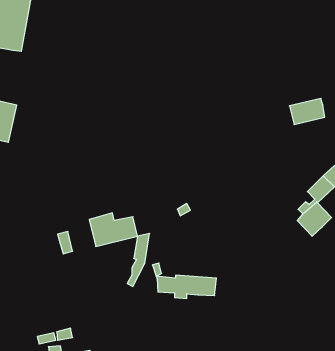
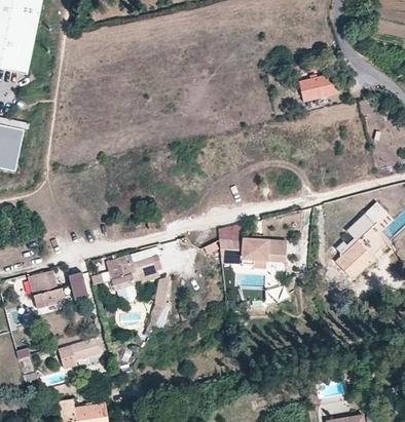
building: [289,98,325,125] -> [298,72,337,101]
building: none -> [27,270,64,308]
building: [156,275,216,298] -> [219,237,286,263]
building: none -> [59,338,100,368]

